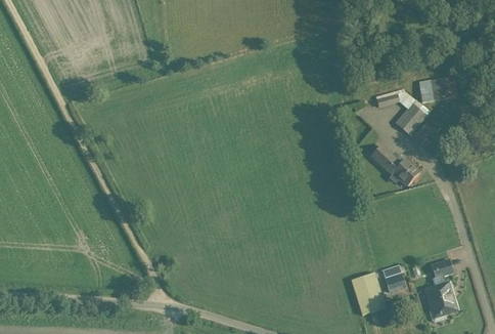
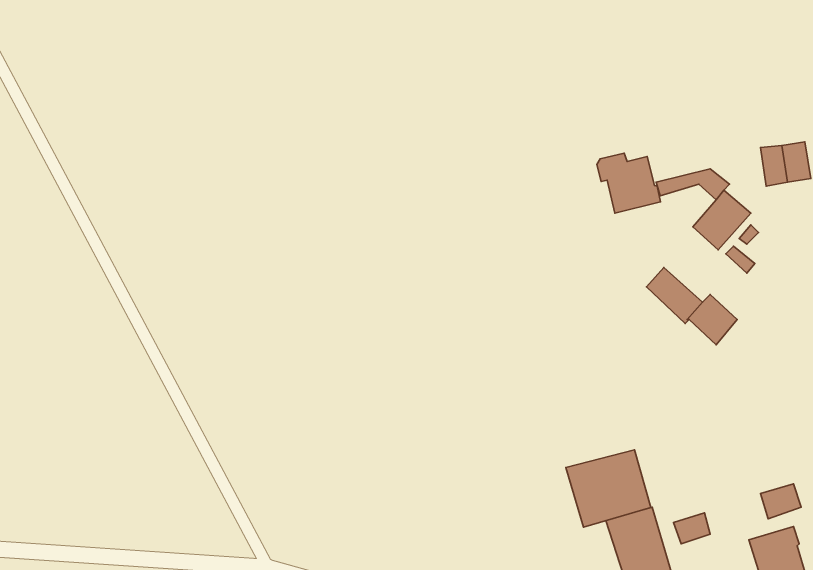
building: none -> [597,153,661,213]
building: none -> [566,450,651,527]

